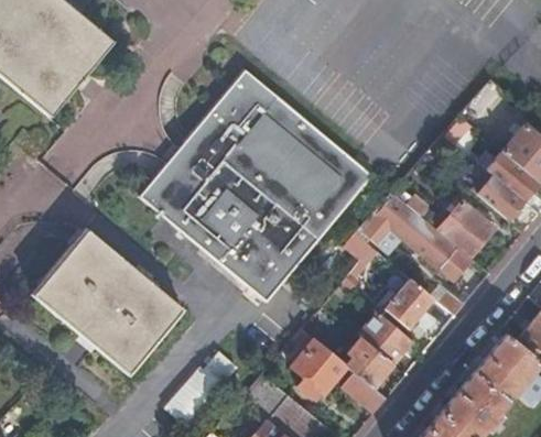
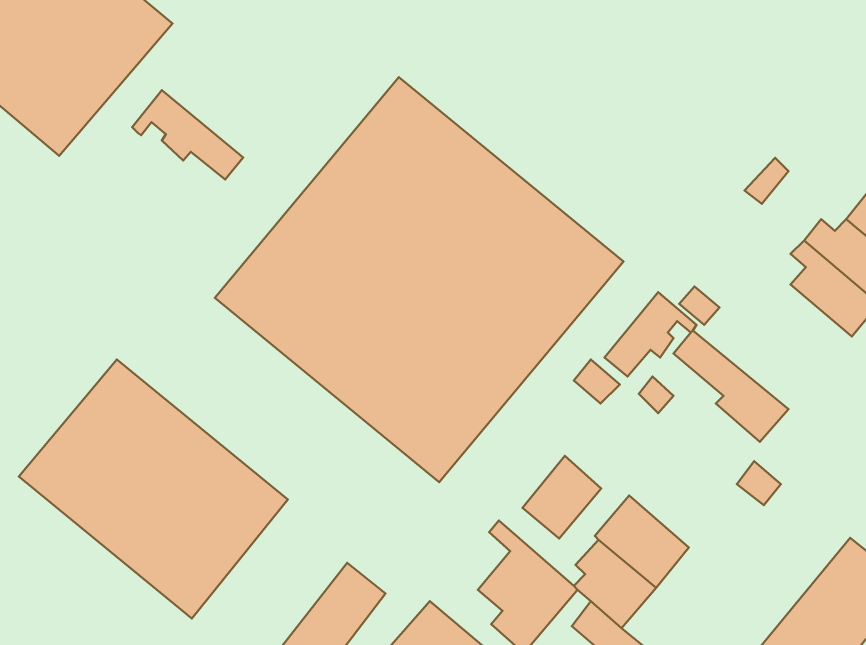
building: none -> [132,90,243,179]
building: [436,200,494,256] -> none
building: [385,278,430,326] -> [523,456,601,538]

